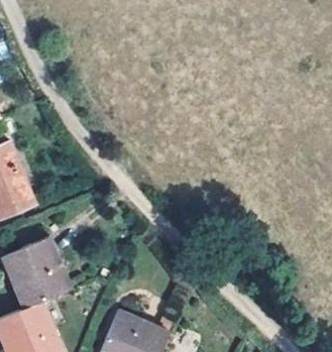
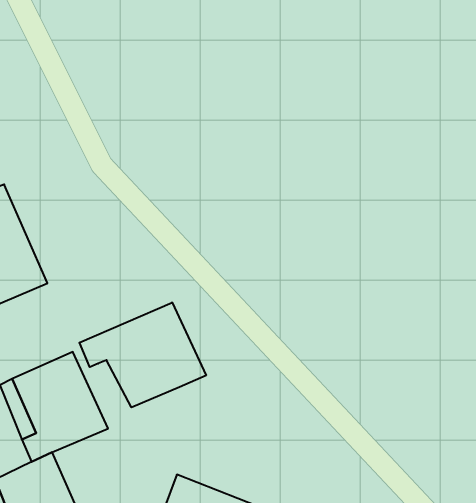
building: none -> [79,302,206,407]

